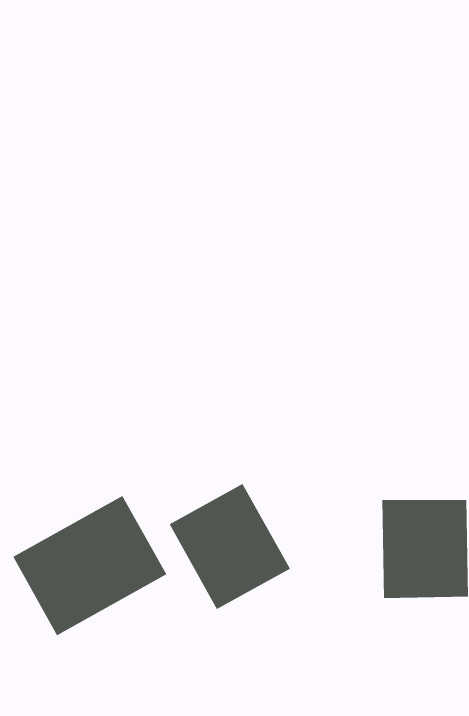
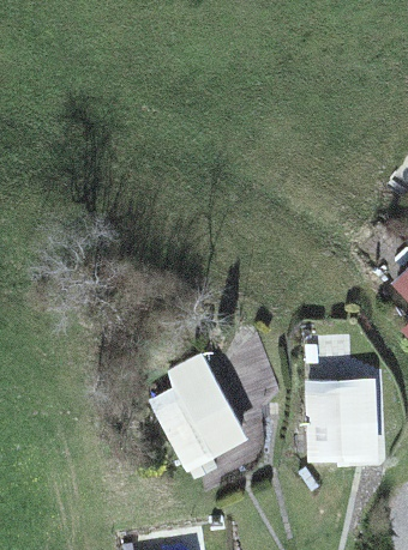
building: [12,495,167,636] -> none

